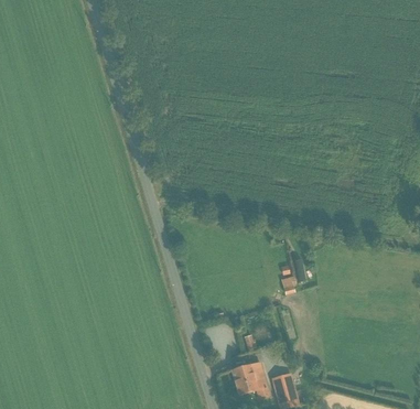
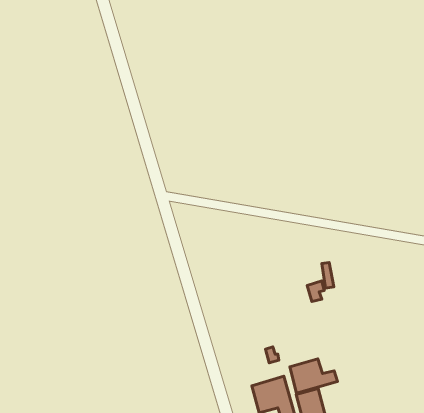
building: none -> [290,359,337,393]

